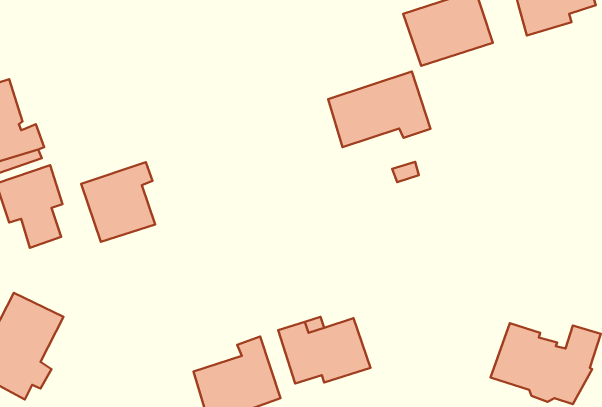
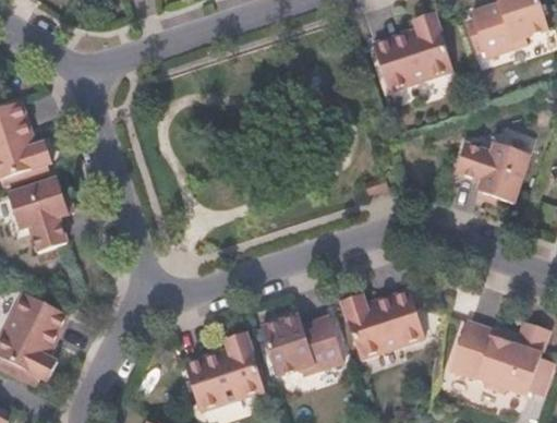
building: [328,72,430,147] -> none
building: none -> [455,142,530,203]
building: [81,162,155,242] -> none
building: none -> [340,288,424,355]

